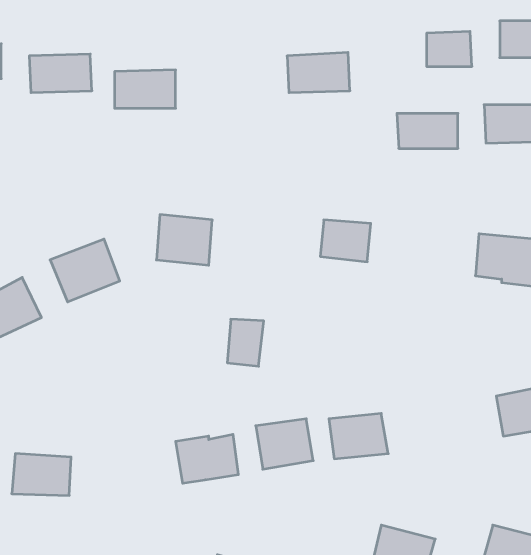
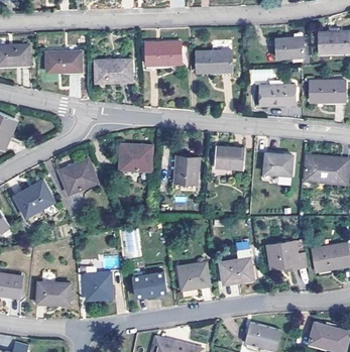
building: none -> [145,42,182,65]
building: none -> [263,152,294,177]
building: [227,319,264,366] -> [177,156,198,184]
building: none -> [267,241,299,269]
building: none -> [85,272,112,300]

